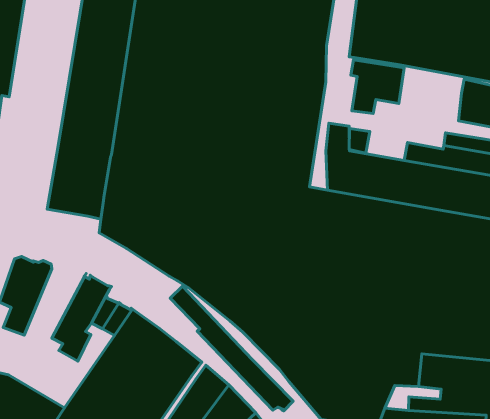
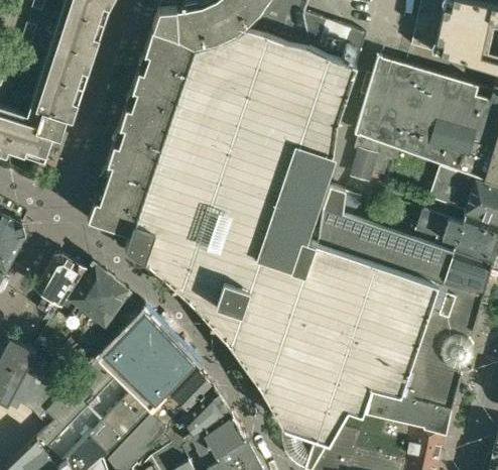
building: none -> [59,262,112,326]
building: [170,286,293,411] -> none

